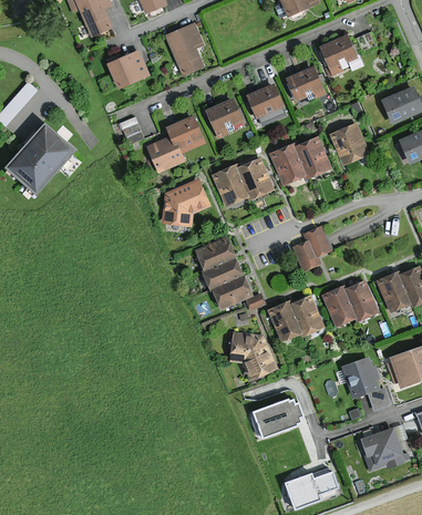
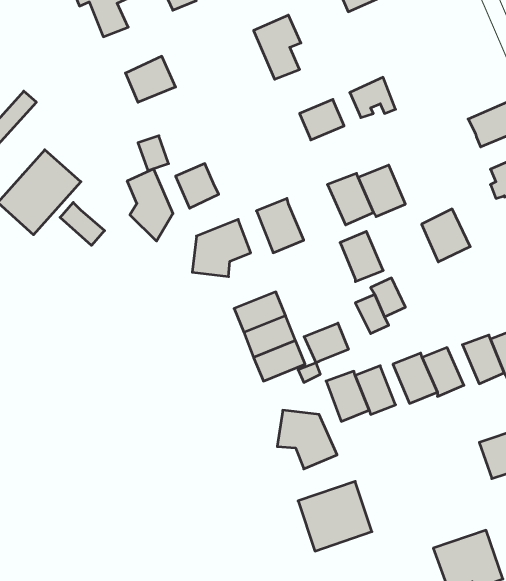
building: [166,23,204,74] -> [254,15,301,79]
building: [320,35,357,74] -> none
building: [206,100,241,134] -> none
building: [167,115,205,153] -> none
building: [330,122,369,164] -> [422,209,470,262]
building: none -> [127,169,173,241]
building: [238,158,272,198] -> [340,231,383,282]
building: none -> [60,202,105,245]
building: none -> [304,323,348,363]
building: [342,357,389,409] -> none

